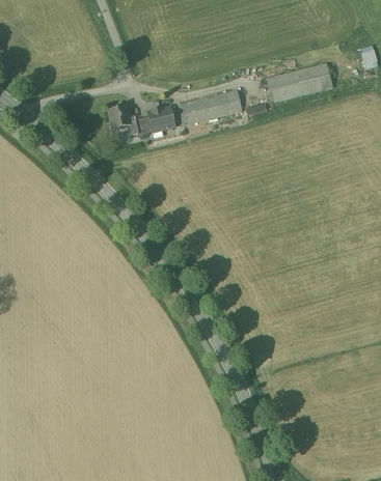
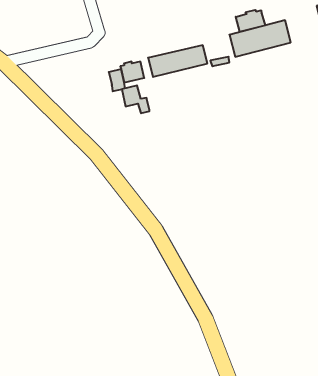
building: none -> [236,10,265,32]
building: [108,106,138,136] -> [122,85,149,113]

